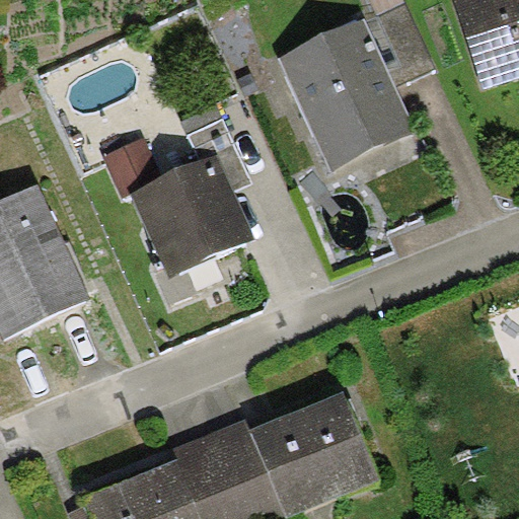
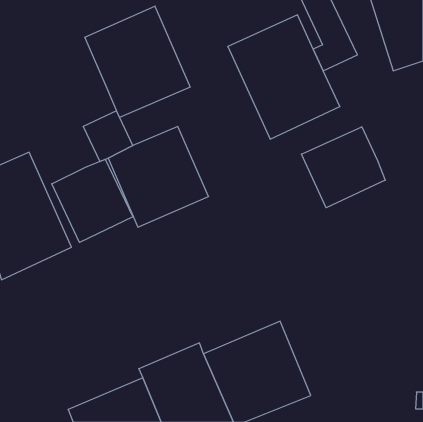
building: none -> [85,6,190,118]
building: none -> [301,127,385,208]
building: none -> [52,159,133,242]

